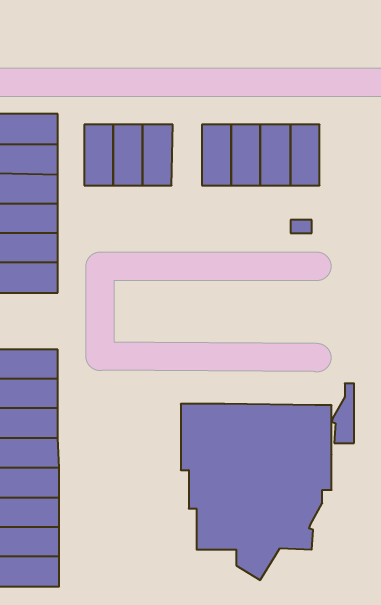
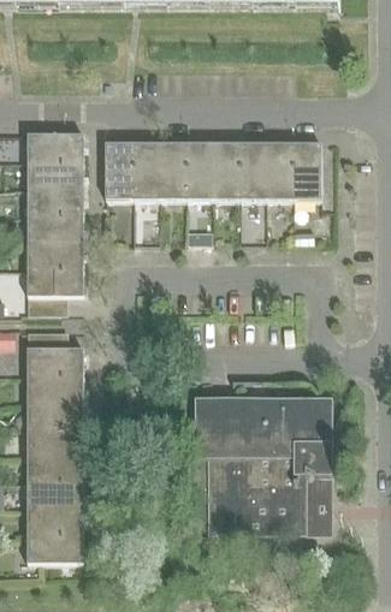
building: none -> [185,142,213,197]
building: [332,383,354,443] -> [310,474,331,528]

